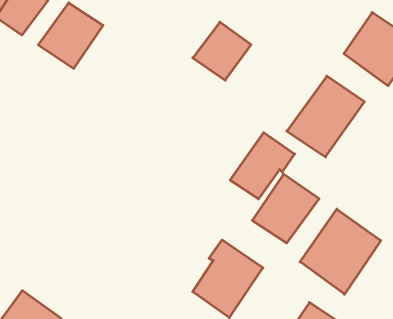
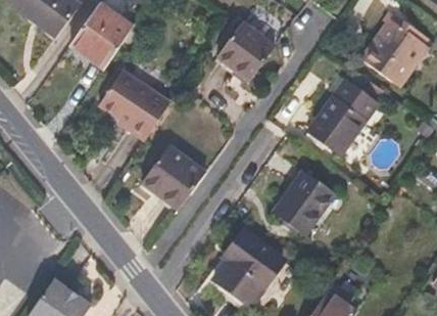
building: none -> [99,73,169,144]
building: [230,133,295,199] -> none
building: none -> [141,146,203,204]
building: [300,209,381,294] -> none

